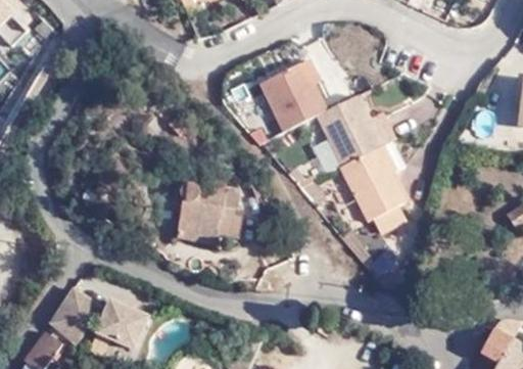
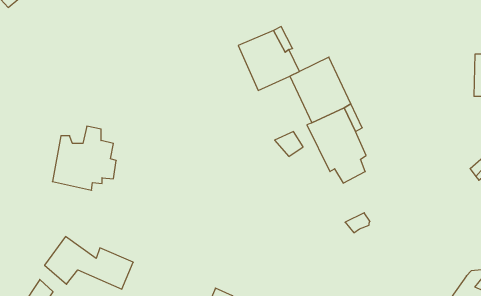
building: [171,171,239,239] -> [52,126,116,190]

